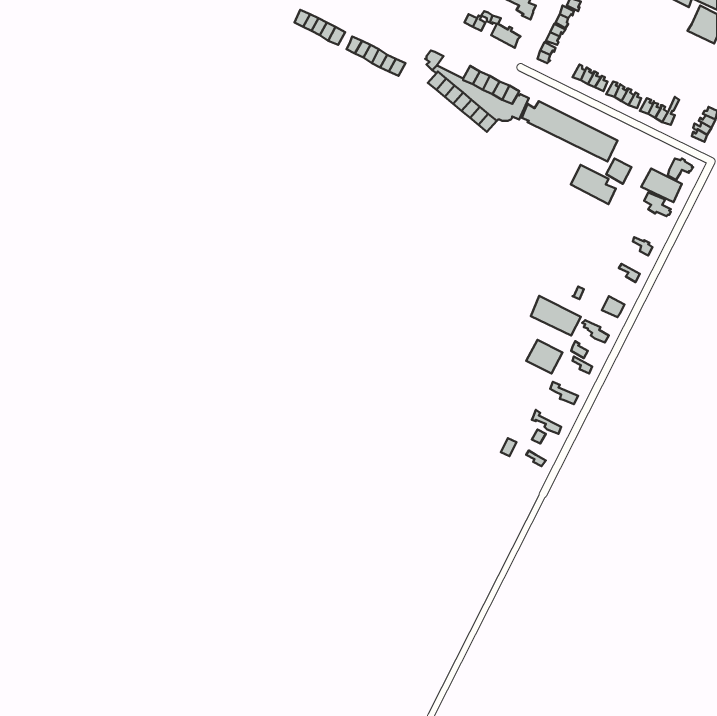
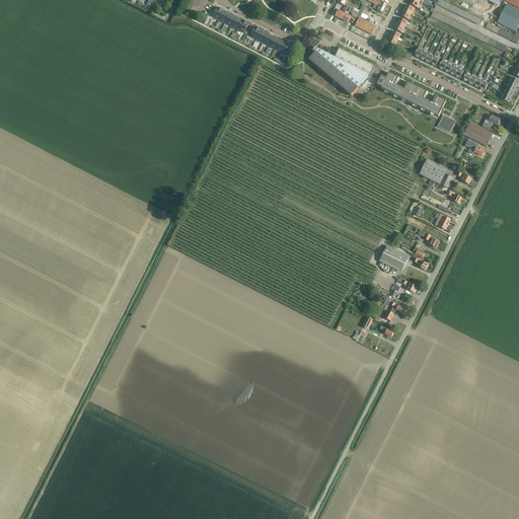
building: [571,165,616,204] -> [420,159,452,188]
building: [531,296,581,336] -> none

